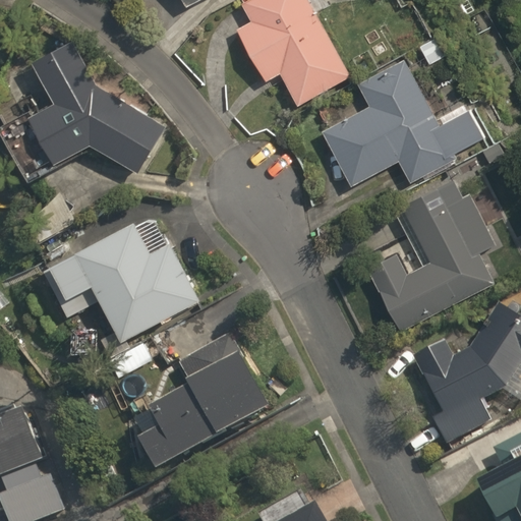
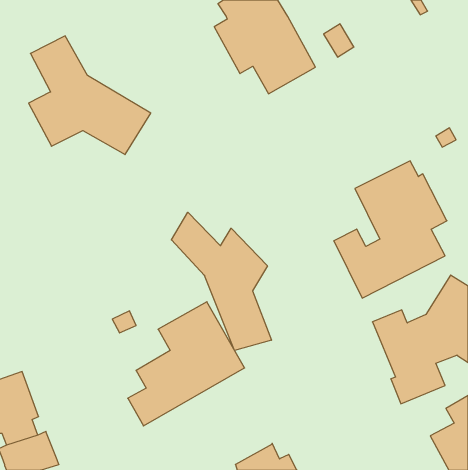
building: [322,59,484,185] -> none
building: [43,220,198,339] -> none
building: none -> [171,212,271,350]

